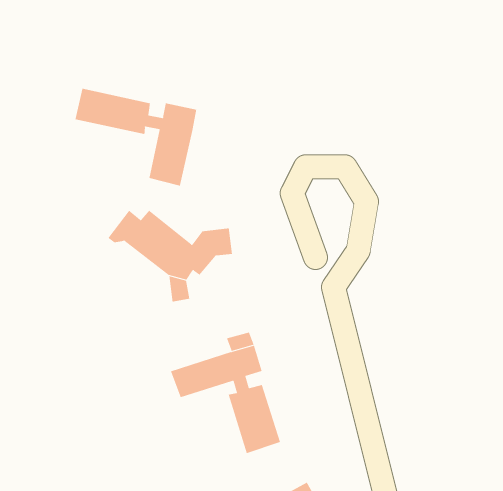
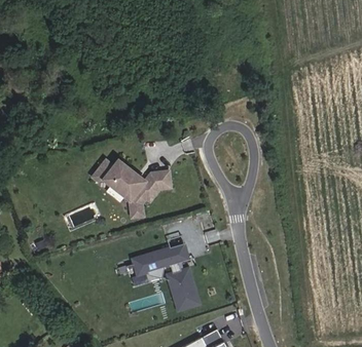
building: [75,88,197,187] -> none

